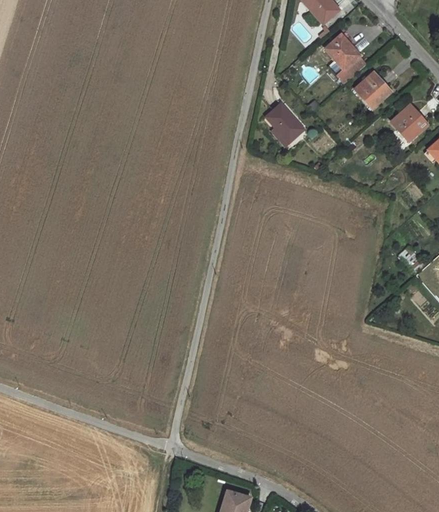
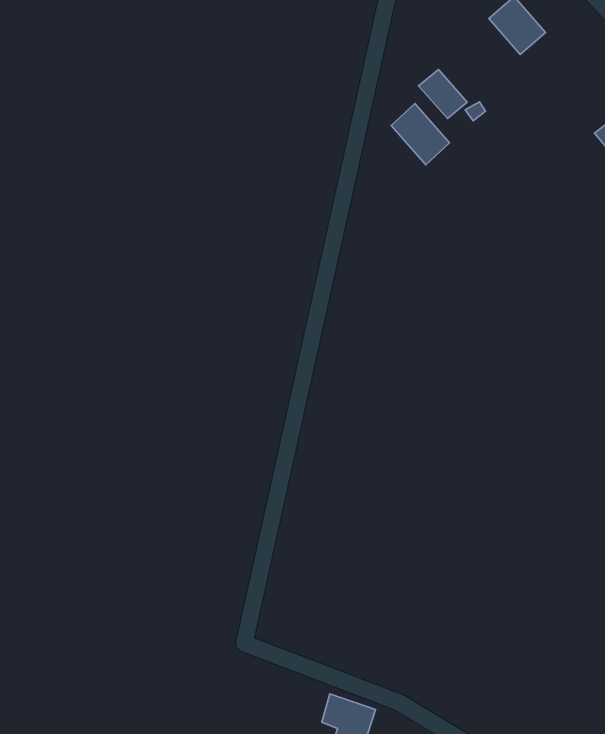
building: [354,73,390,109] -> none
building: none -> [419,69,467,119]

